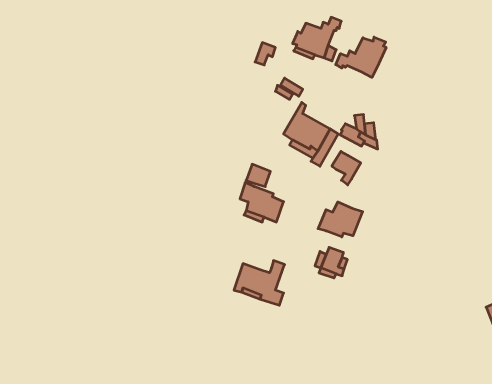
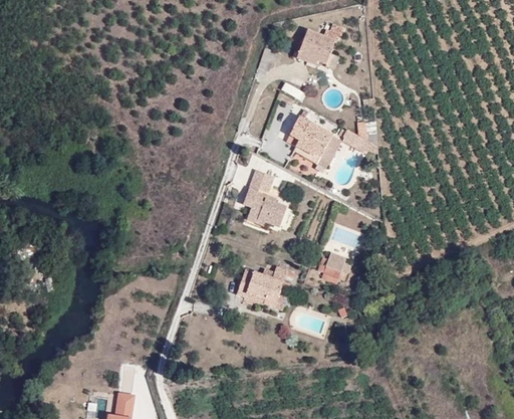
building: [336,37,386,77] -> none
building: [332,151,361,185] -> none
building: [318,202,363,237] -> none

